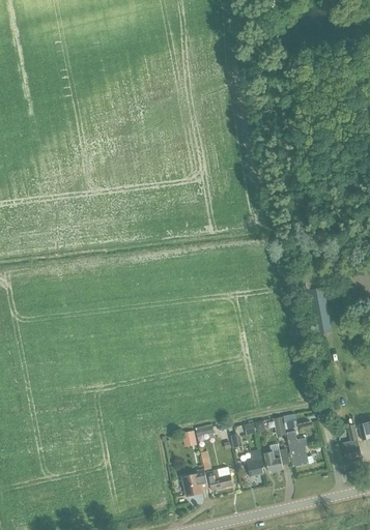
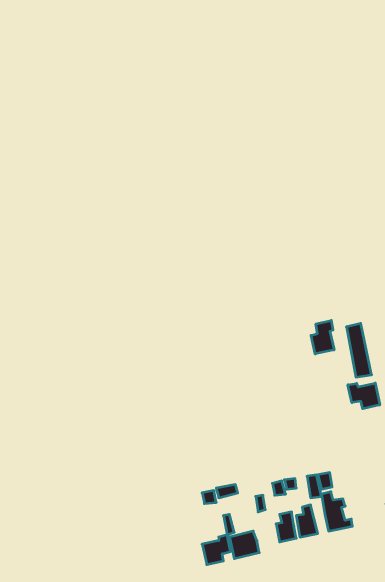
building: none -> [311,320,334,354]
building: none -> [348,383,380,409]

